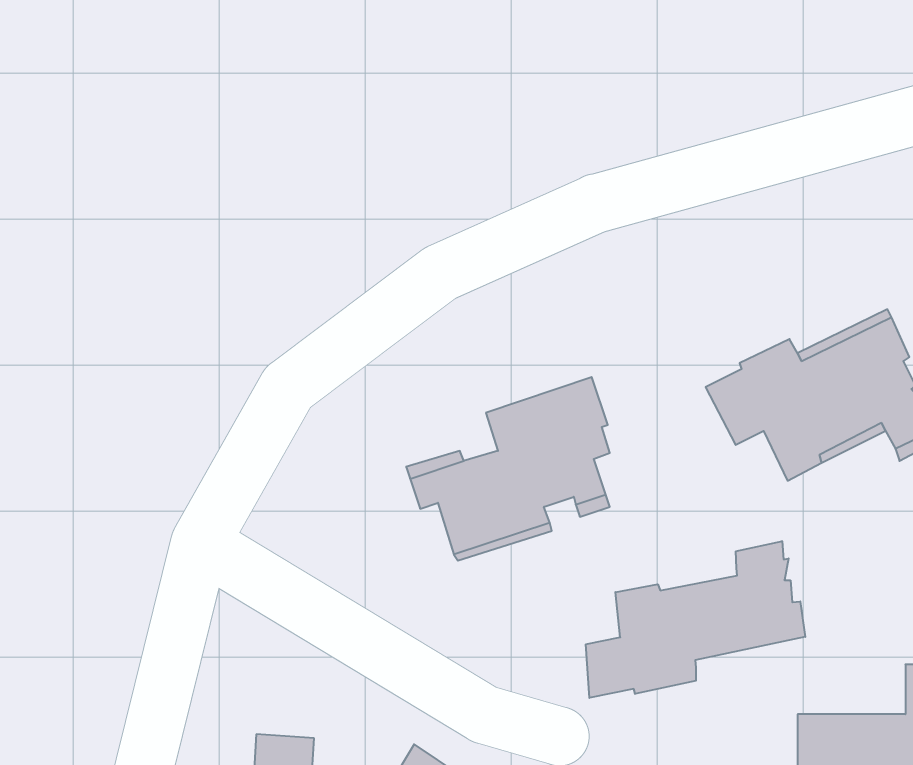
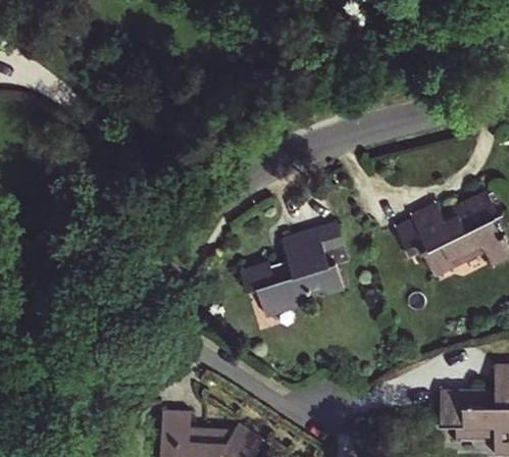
building: [586,541,805,698] -> none

